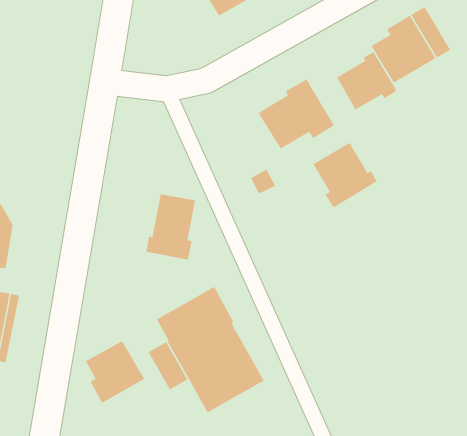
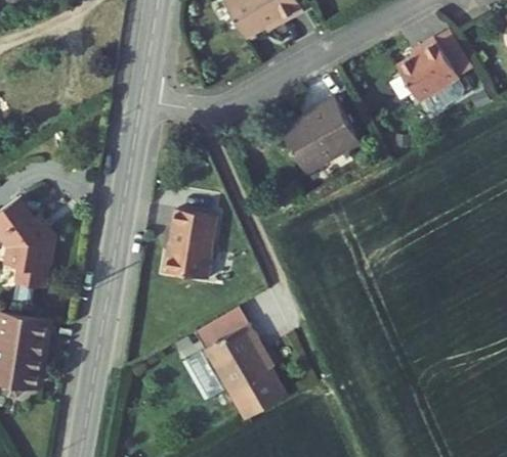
building: [336,51,397,111] -> none
building: [312,142,378,208] -> none
building: [85,340,145,404] -> none

